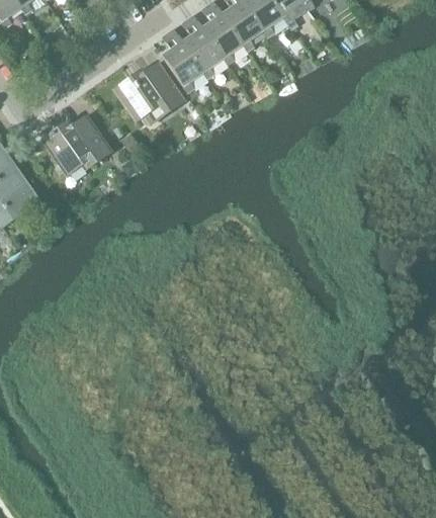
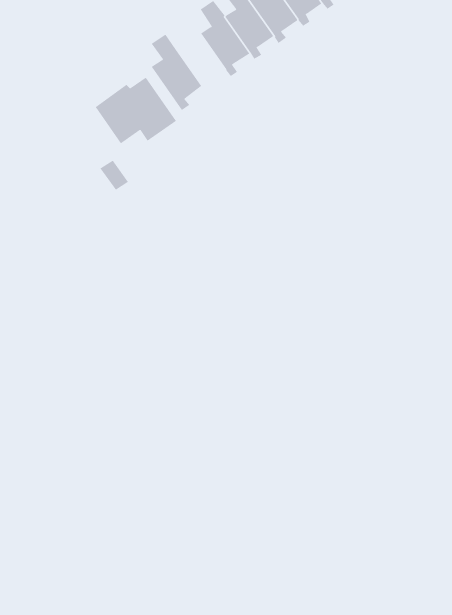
building: [182,14,224,78] -> none
building: [43,116,111,174] -> none

